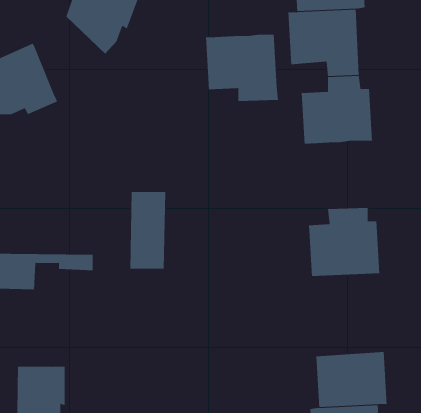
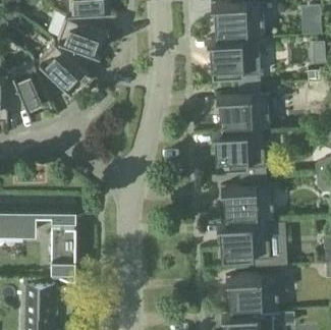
building: none -> [36,45,88,101]
building: [205,34,279,102] -> [216,132,267,179]
building: [129,191,166,269] -> [51,229,76,283]
building: none -> [221,223,286,263]

